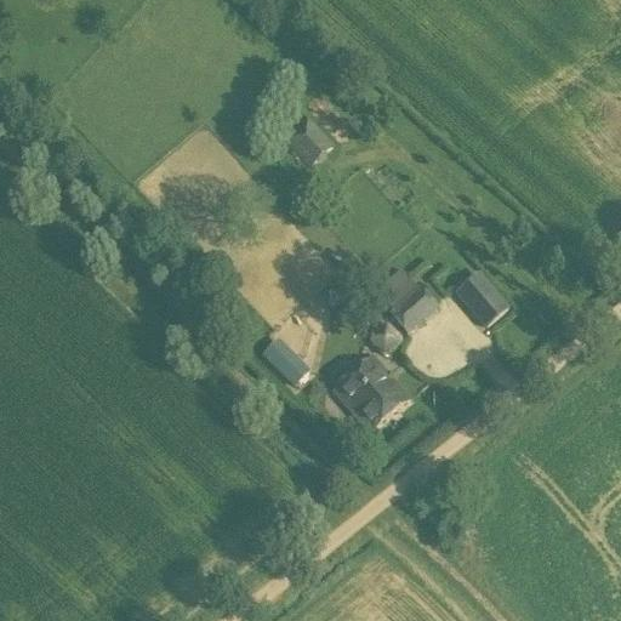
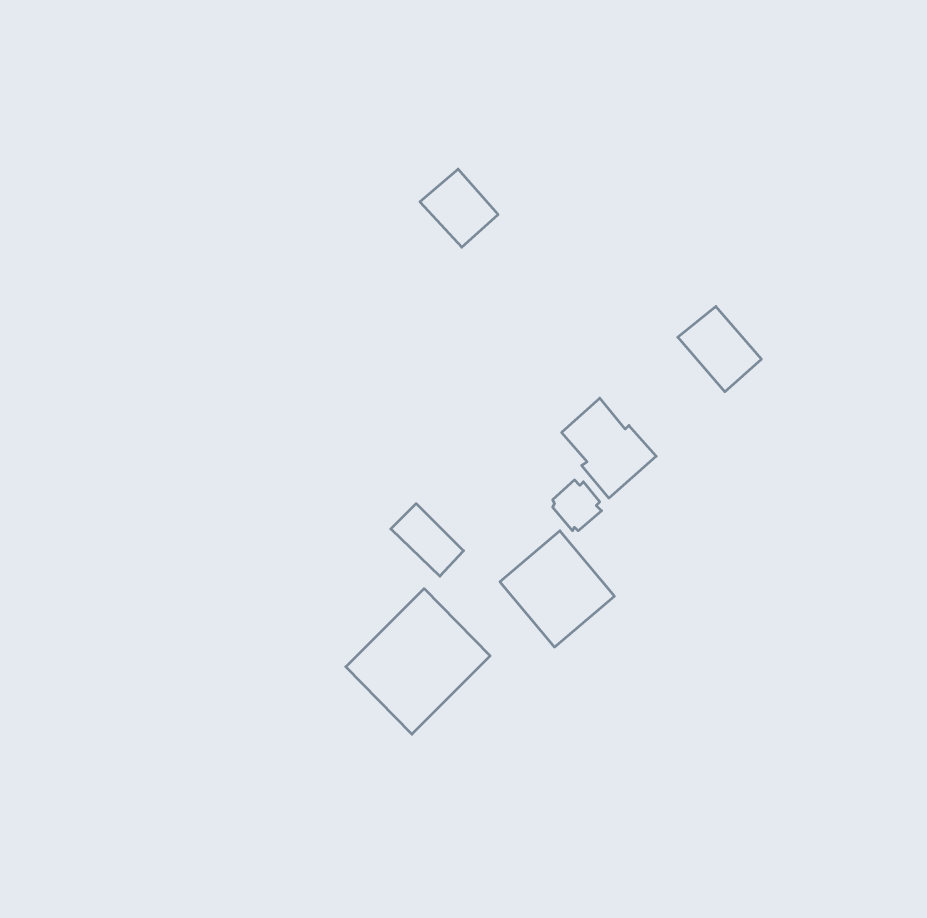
building: [454,270,509,327] -> [678,306,761,392]
building: none -> [346,589,490,734]

